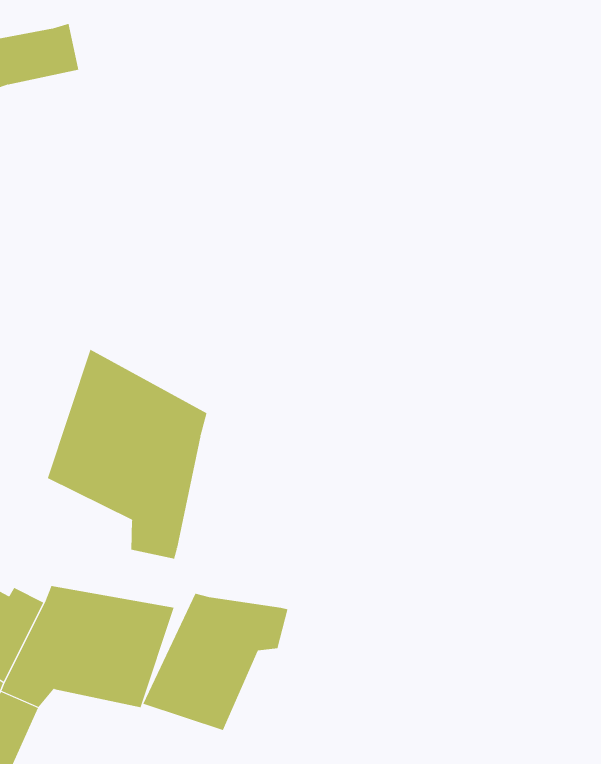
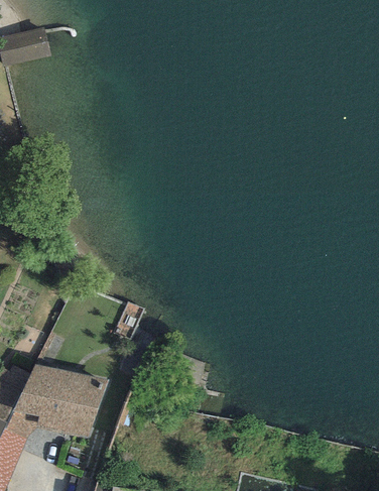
building: [47,349,207,560] -> none
building: [142,593,288,731] -> none

